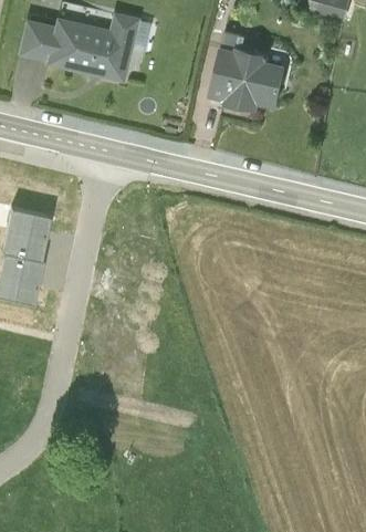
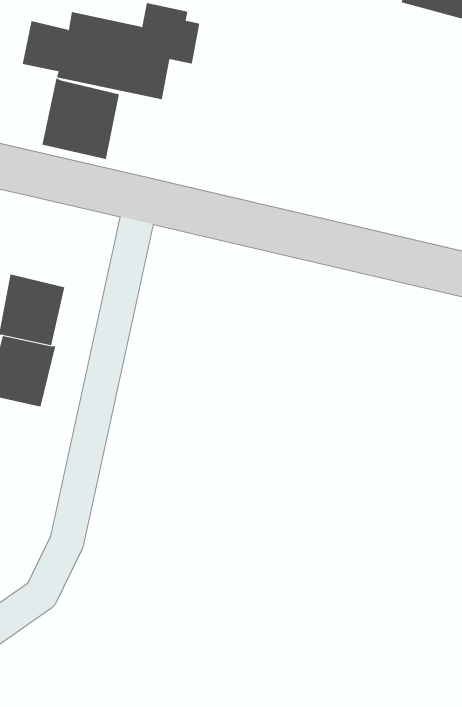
building: [211,43,287,107] -> none
building: none -> [42,78,120,160]

